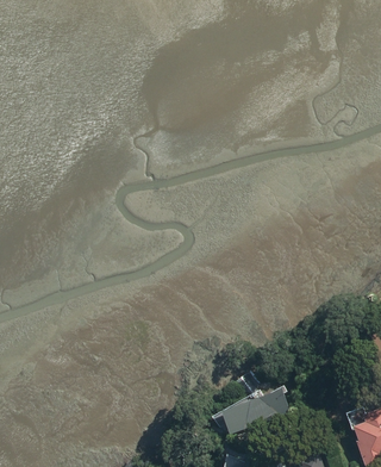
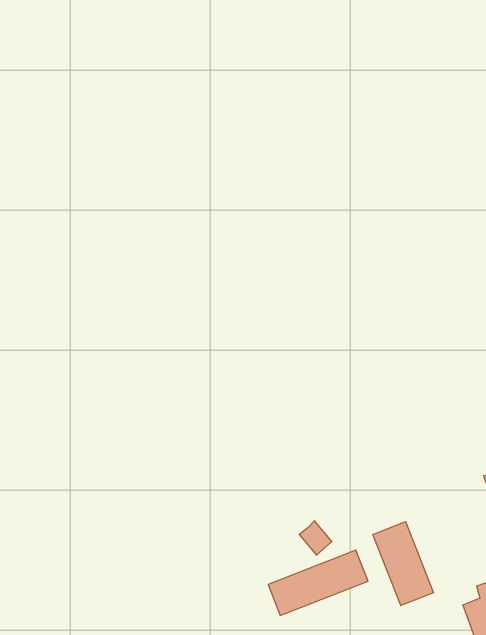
building: none -> [373,522,433,606]

